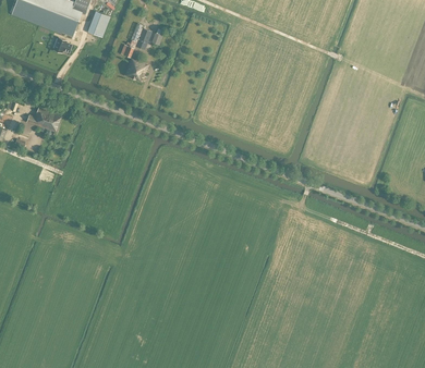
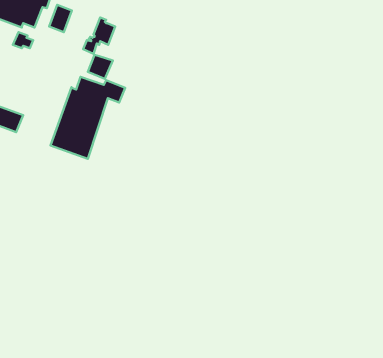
building: none -> [50,77,125,159]

